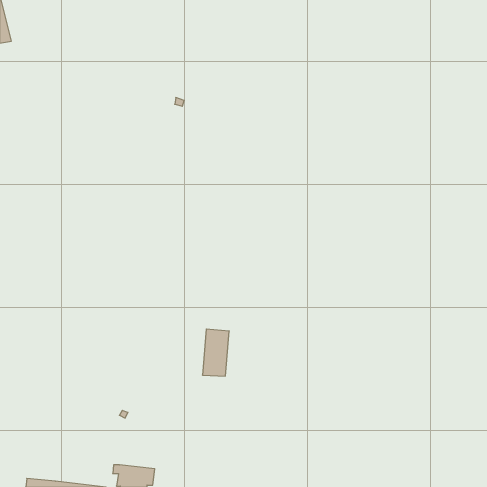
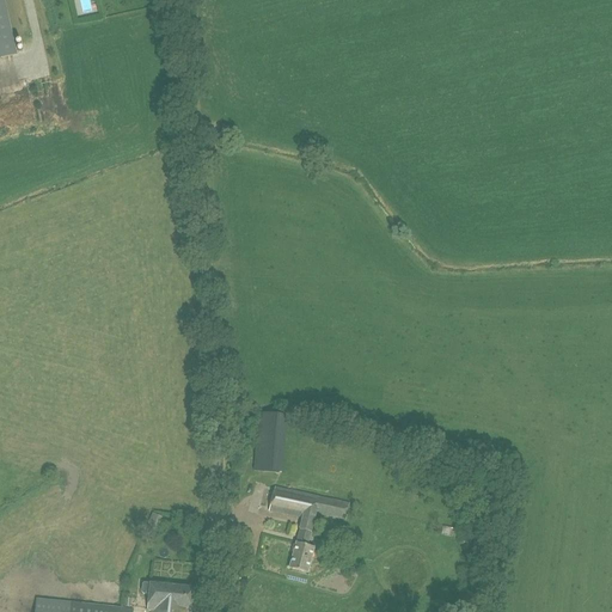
building: none -> [268,484,350,571]

